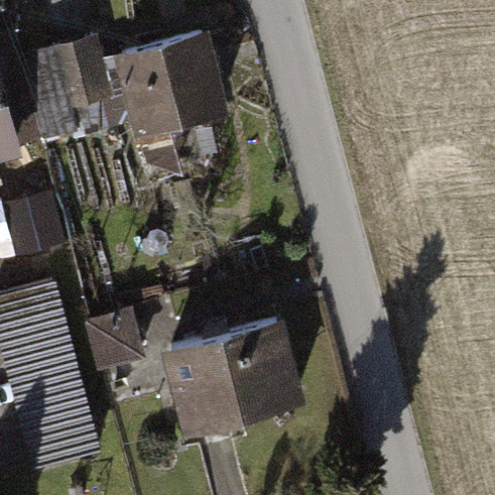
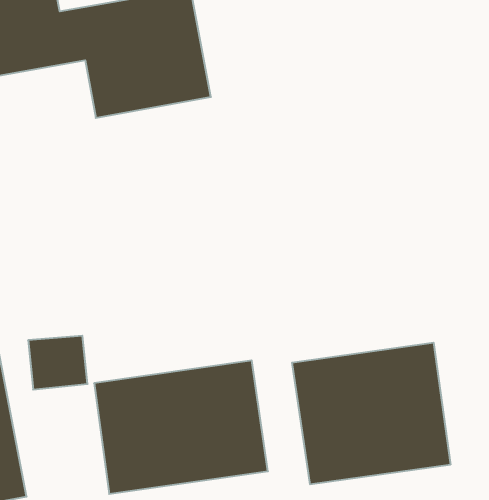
building: none -> [292,343,450,484]

